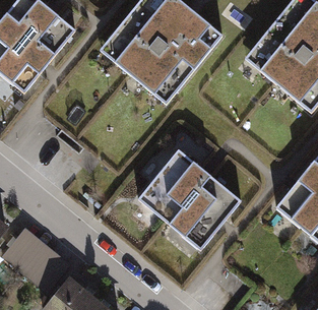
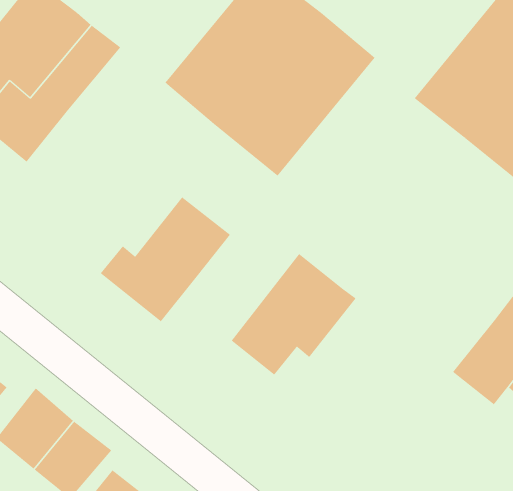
building: [164,175,240,248] -> [100,197,231,322]

